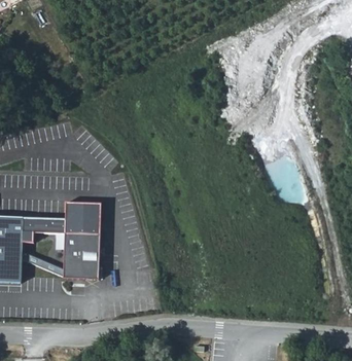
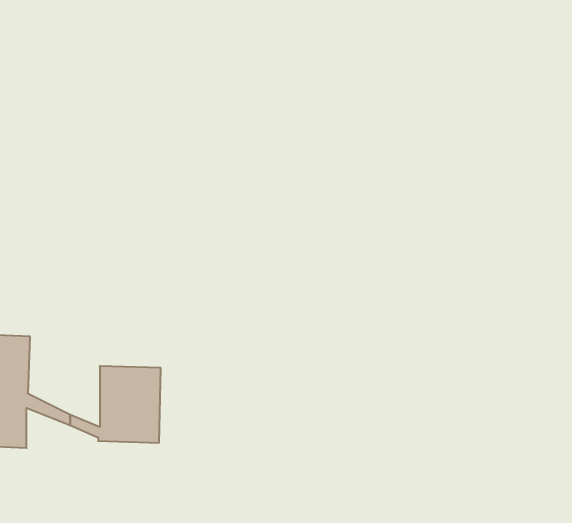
building: [22,204,101,243] -> none

